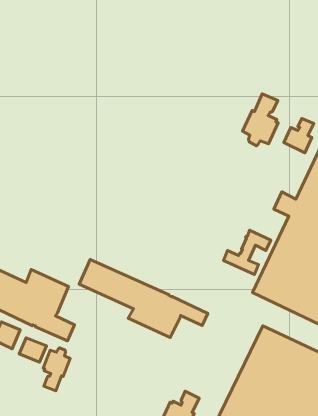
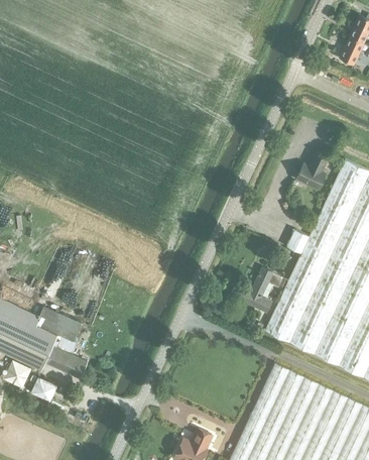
building: [243,94,278,146] -> none
building: [79,259,208,337] -> none
building: [43,348,70,391] -> none

